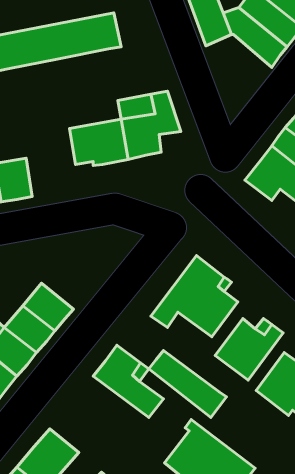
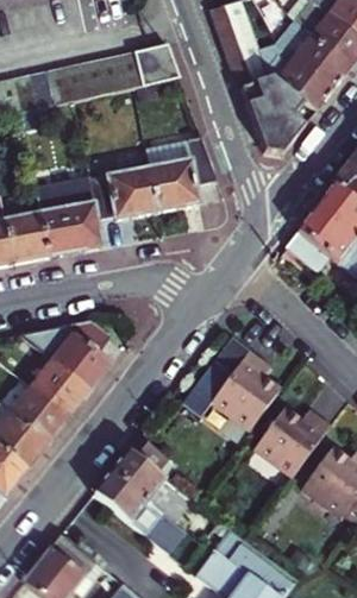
building: none -> [136,45,181,90]
building: none -> [242,76,318,155]
building: none -> [30,184,98,263]
building: none -> [19,323,111,392]
building: [149,350,226,417] -> [95,470,184,547]

